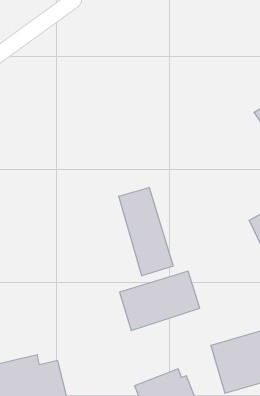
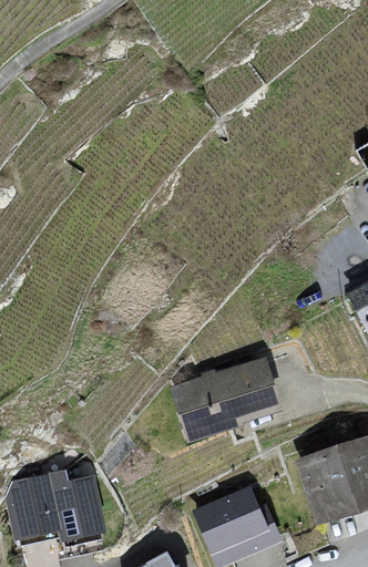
building: [119,187,173,276] -> none

